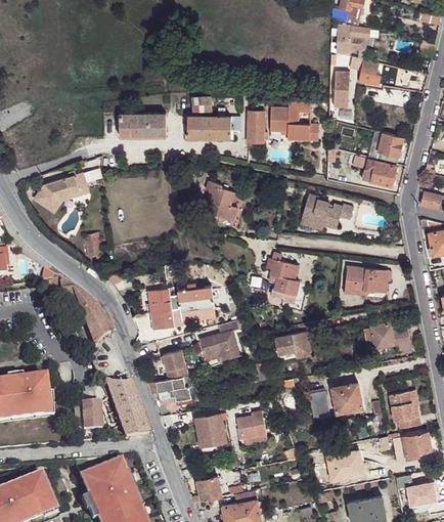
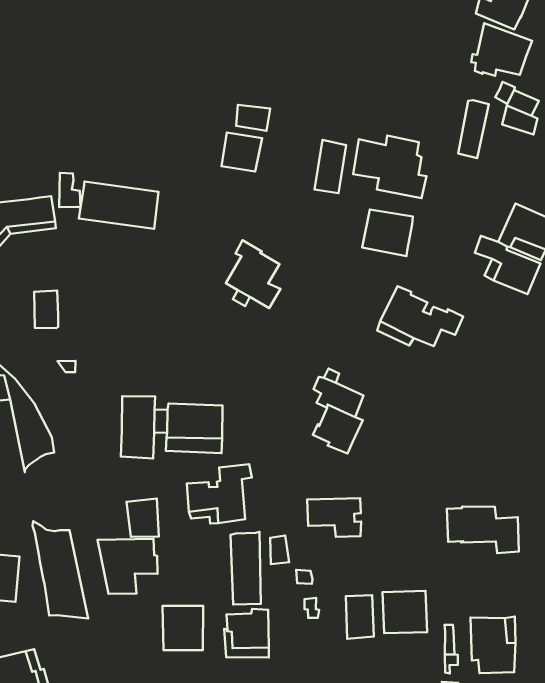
building: [119,114,167,138] -> [79,182,158,229]
building: [209,117,239,139] -> none
building: none -> [362,210,413,256]
building: [346,267,392,296] -> none
building: none -> [231,532,261,604]

